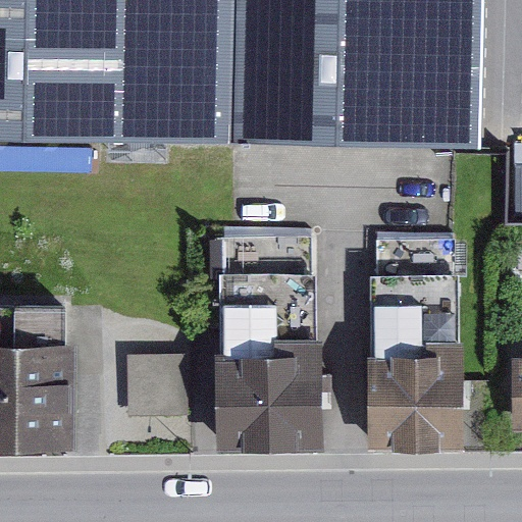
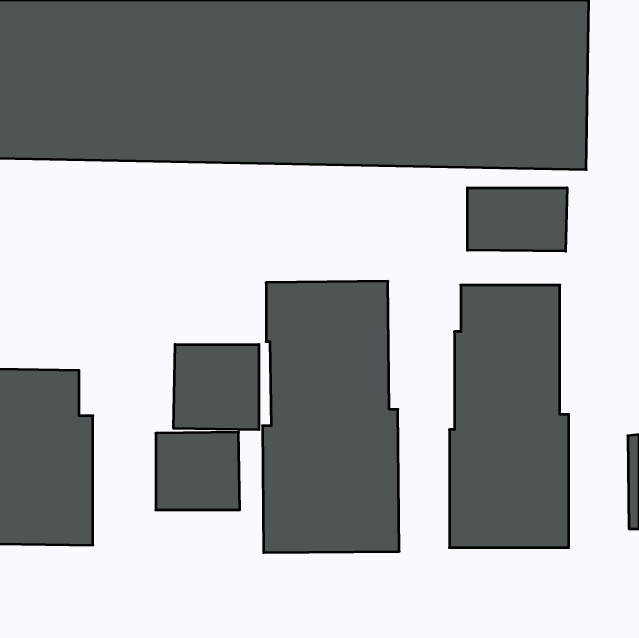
building: none -> [467,188,567,251]
building: none -> [174,344,259,430]

